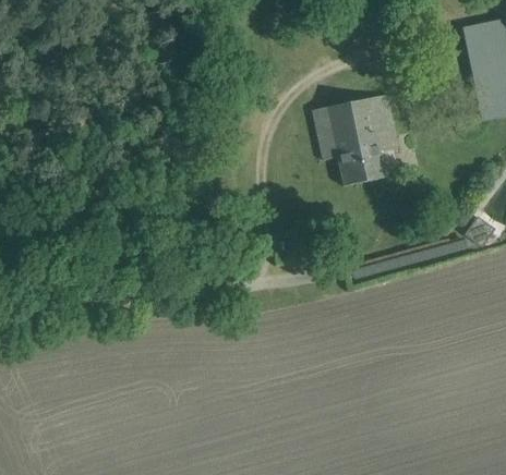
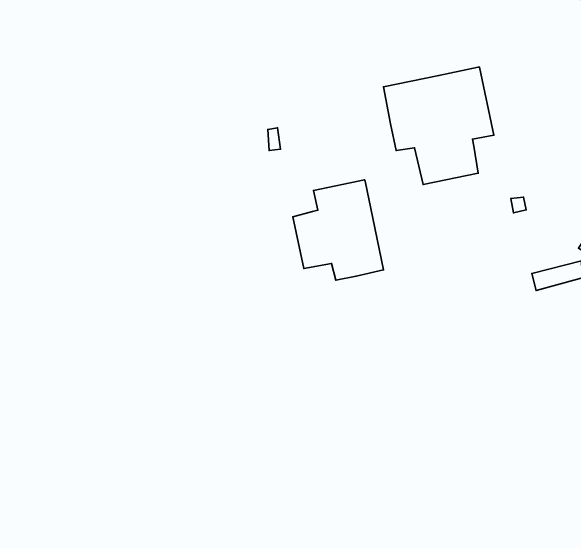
building: none -> [293,180,384,280]

